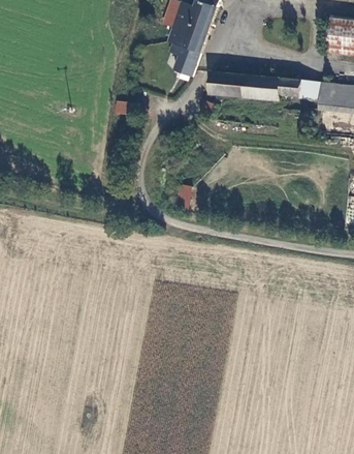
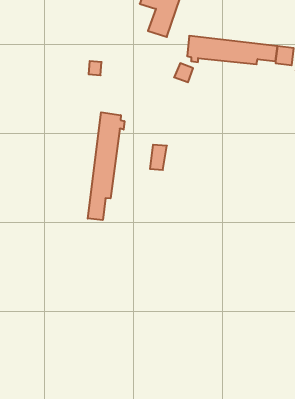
building: none -> [88,112,124,220]

